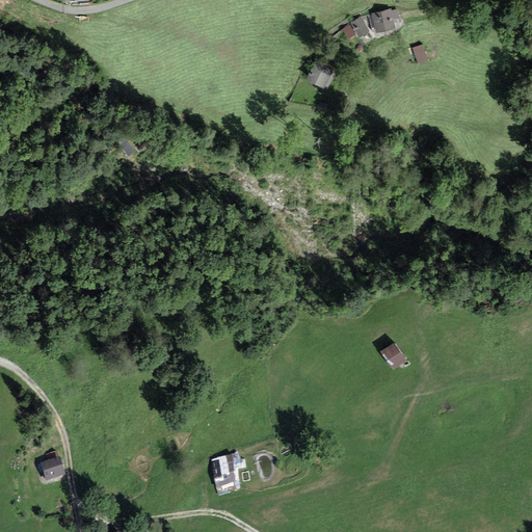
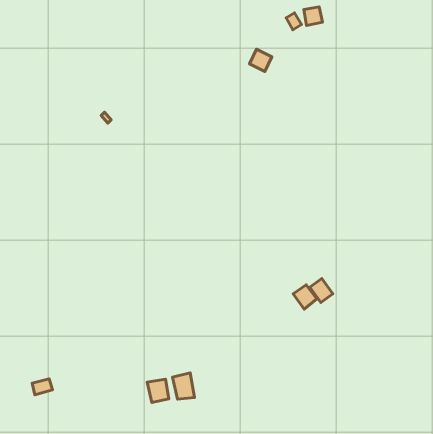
building: none -> [293,285,317,309]
building: none -> [147,379,169,403]

